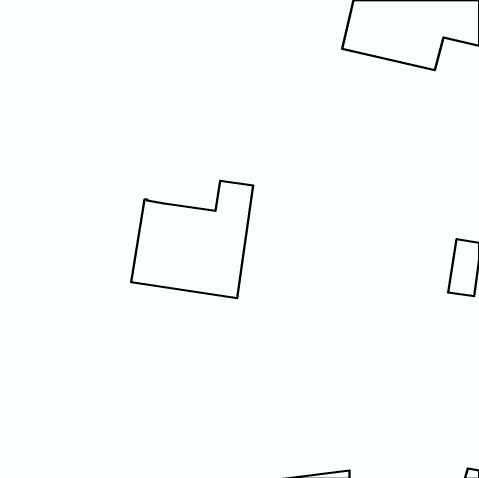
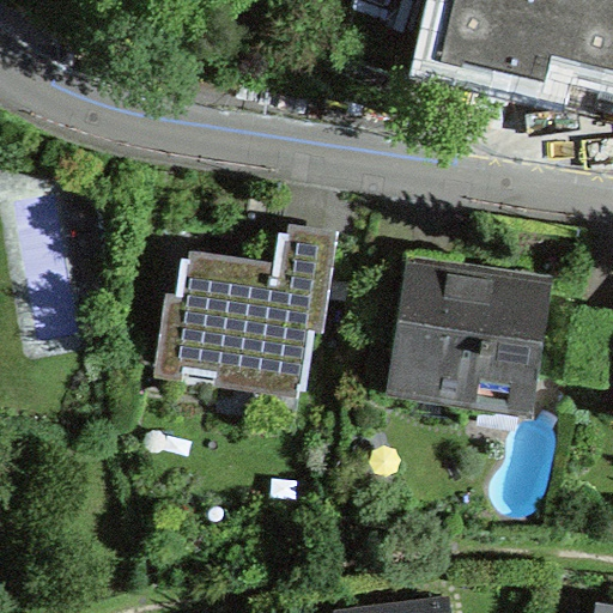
building: none -> [390,253,550,402]

